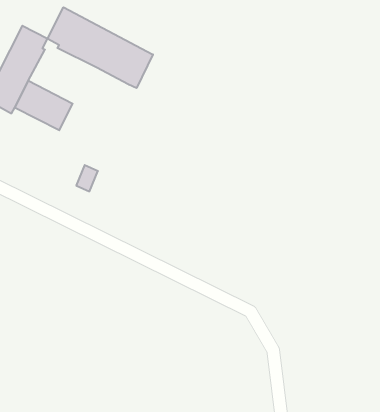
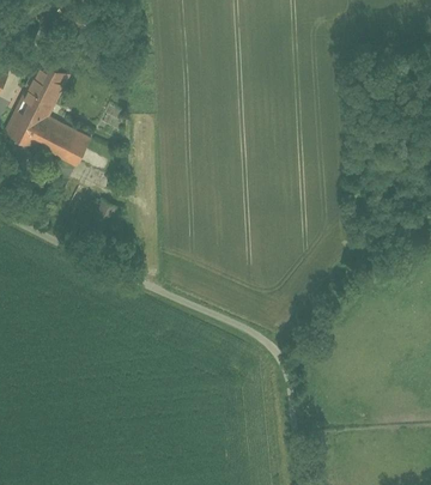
building: [47,7,153,88] -> none

